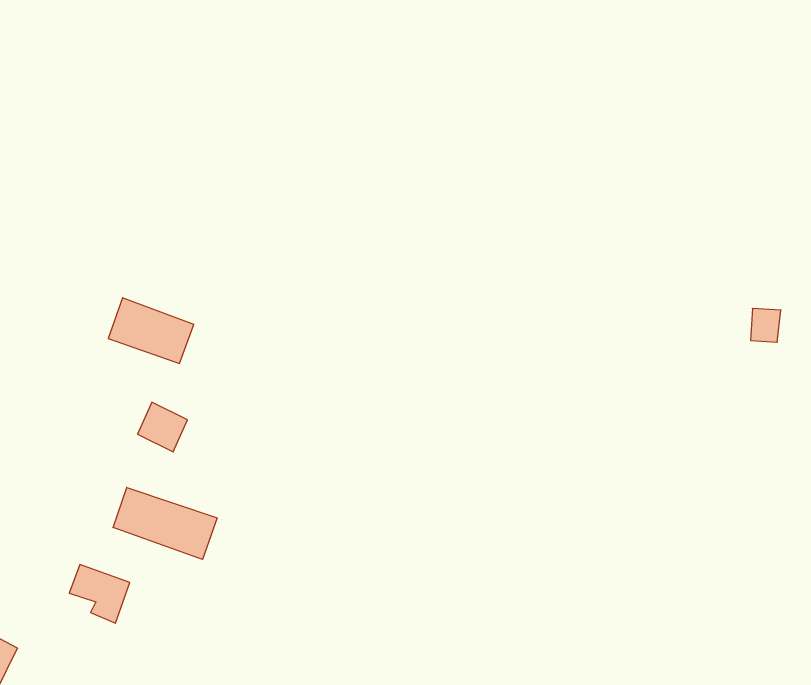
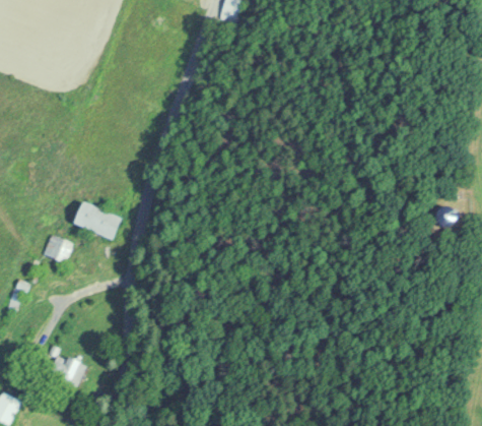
building: [138,402,187,452] -> [43,234,71,262]
building: [113,487,217,559] -> none

